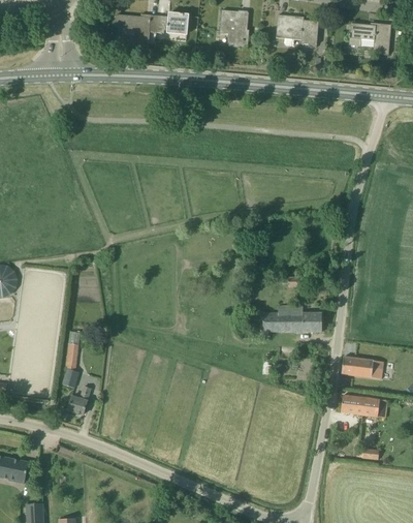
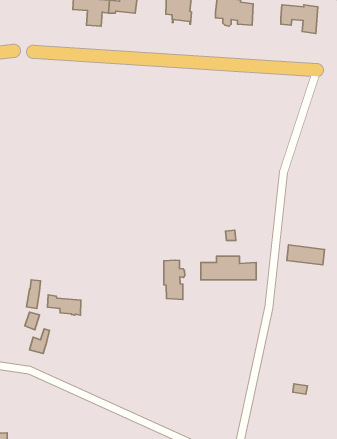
building: none -> [164,260,185,299]
building: none -> [47,295,81,315]
building: [341,357,383,379] -> [287,245,325,265]
building: [340,395,388,419] -> none

